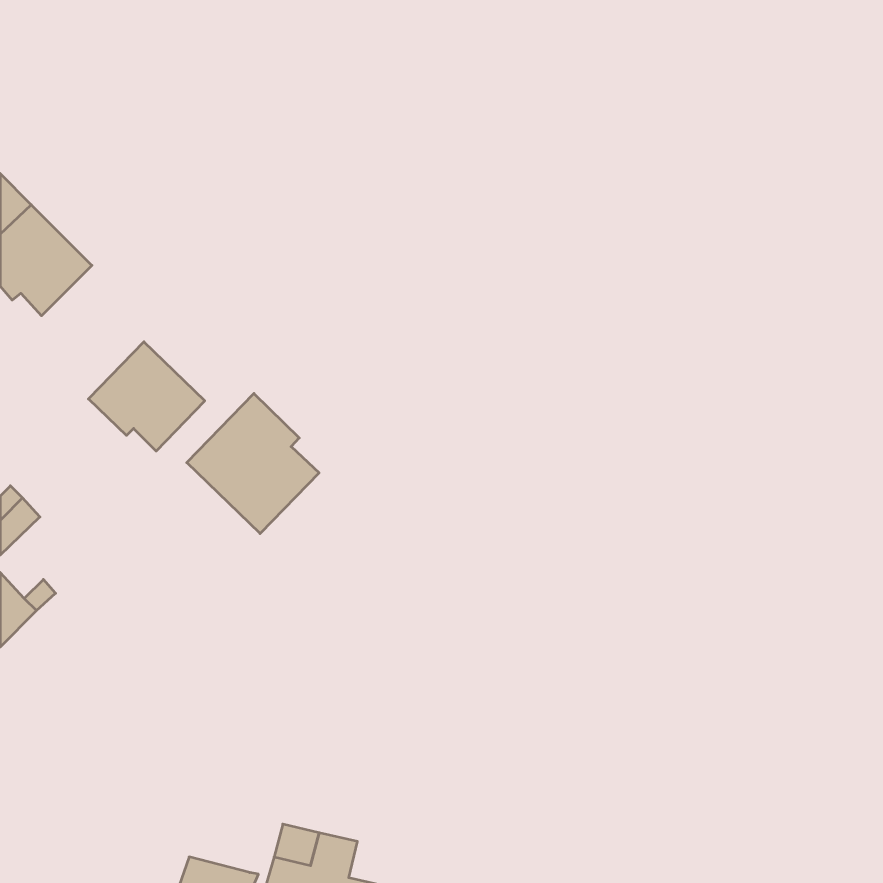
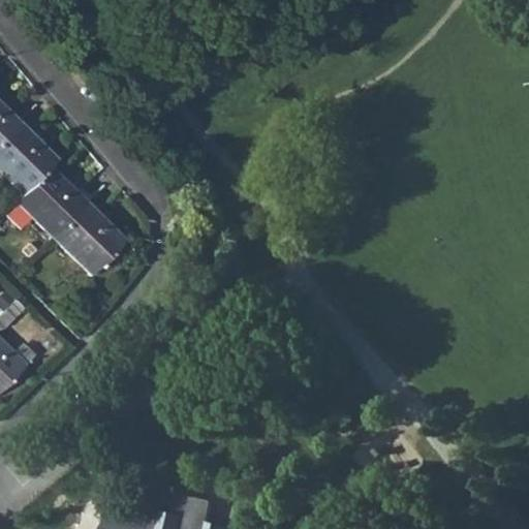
building: none -> [21,167,88,240]
building: [187,393,319,534] -> none

